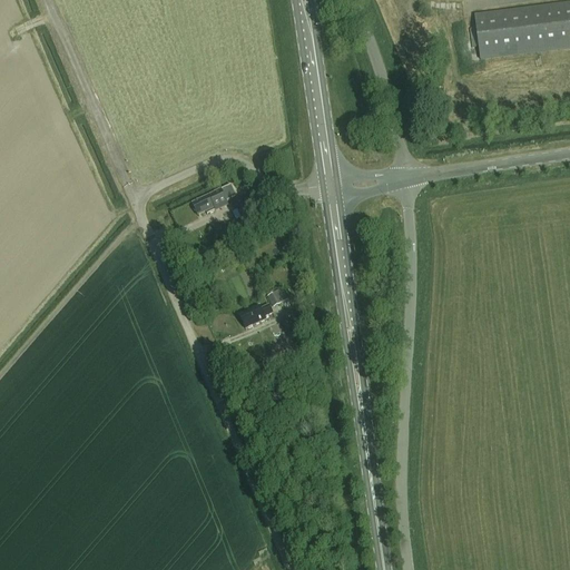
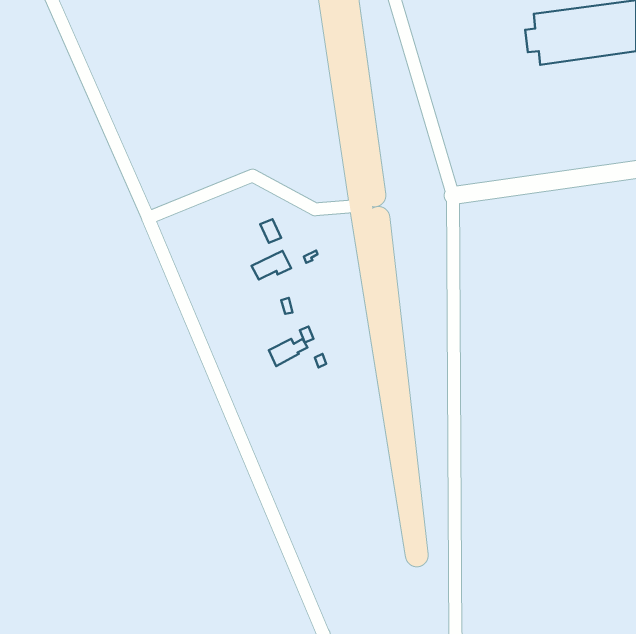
building: [194,188,229,214] -> [251,251,291,280]

